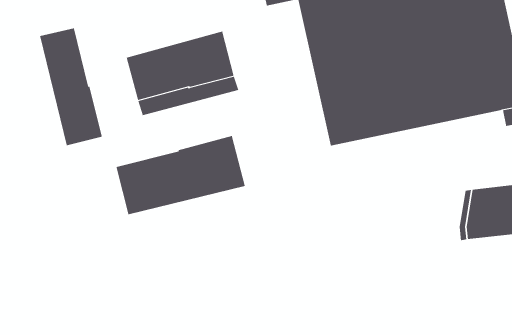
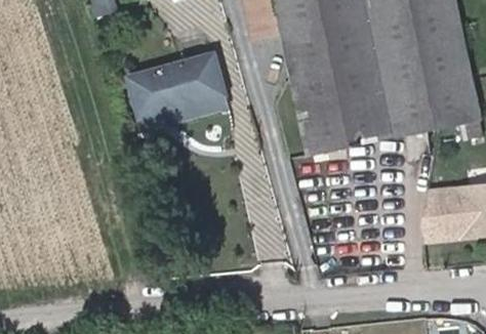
building: [40,27,103,146] -> none
building: [116,135,246,215] -> none

